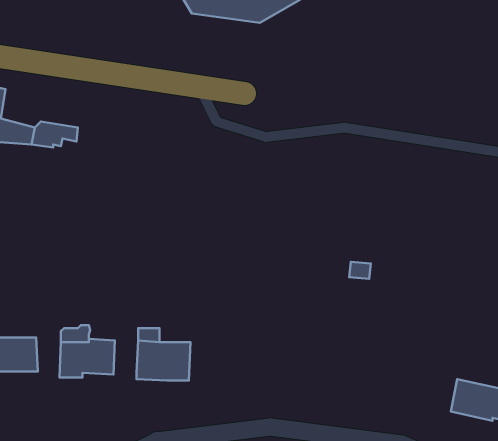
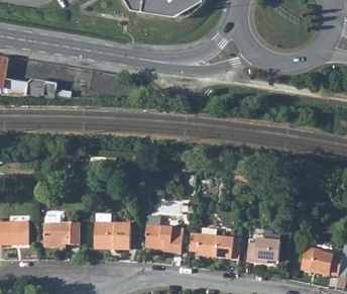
building: none -> [144,224,183,255]
building: none -> [188,233,232,260]
building: none -> [244,238,278,262]

